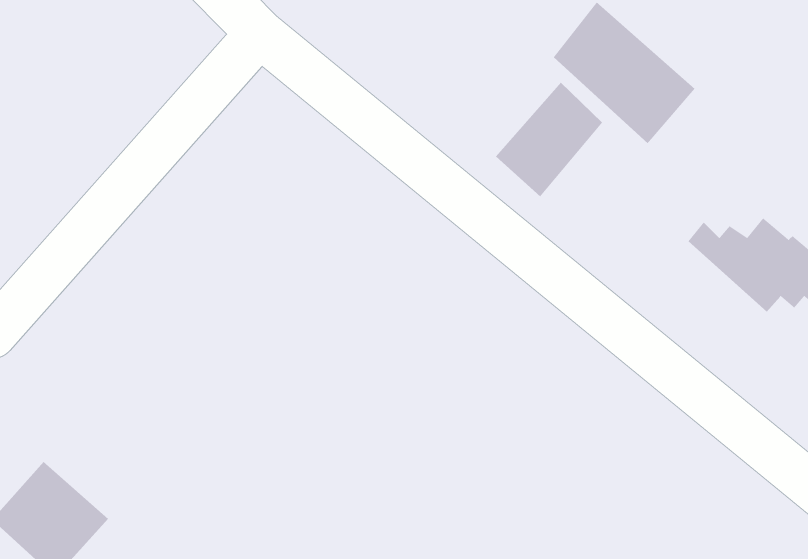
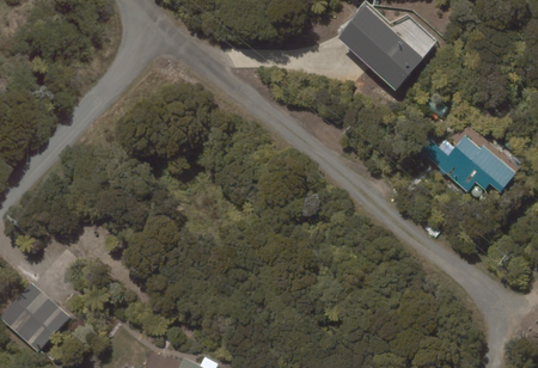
building: [495,82,603,197] -> none

